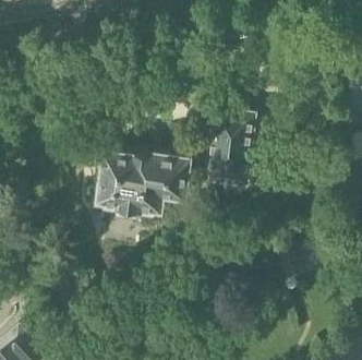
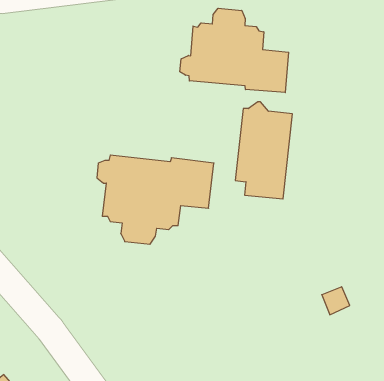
building: none -> [180,8,289,93]

